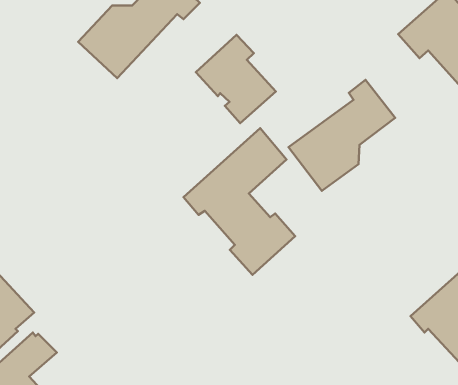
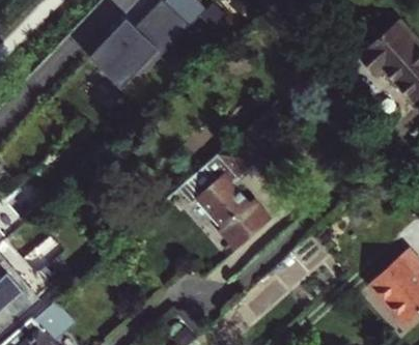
building: [196,35,276,123] -> none
building: [289,80,395,191] -> none

